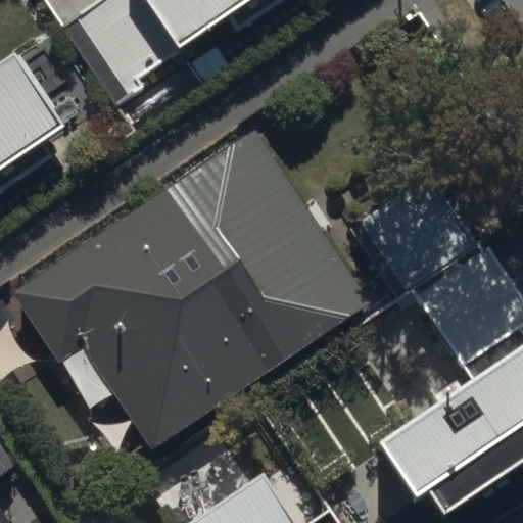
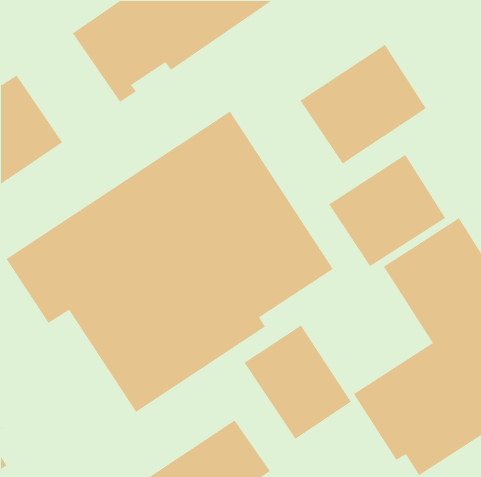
building: none -> [299,44,427,164]
building: none -> [243,324,352,440]

